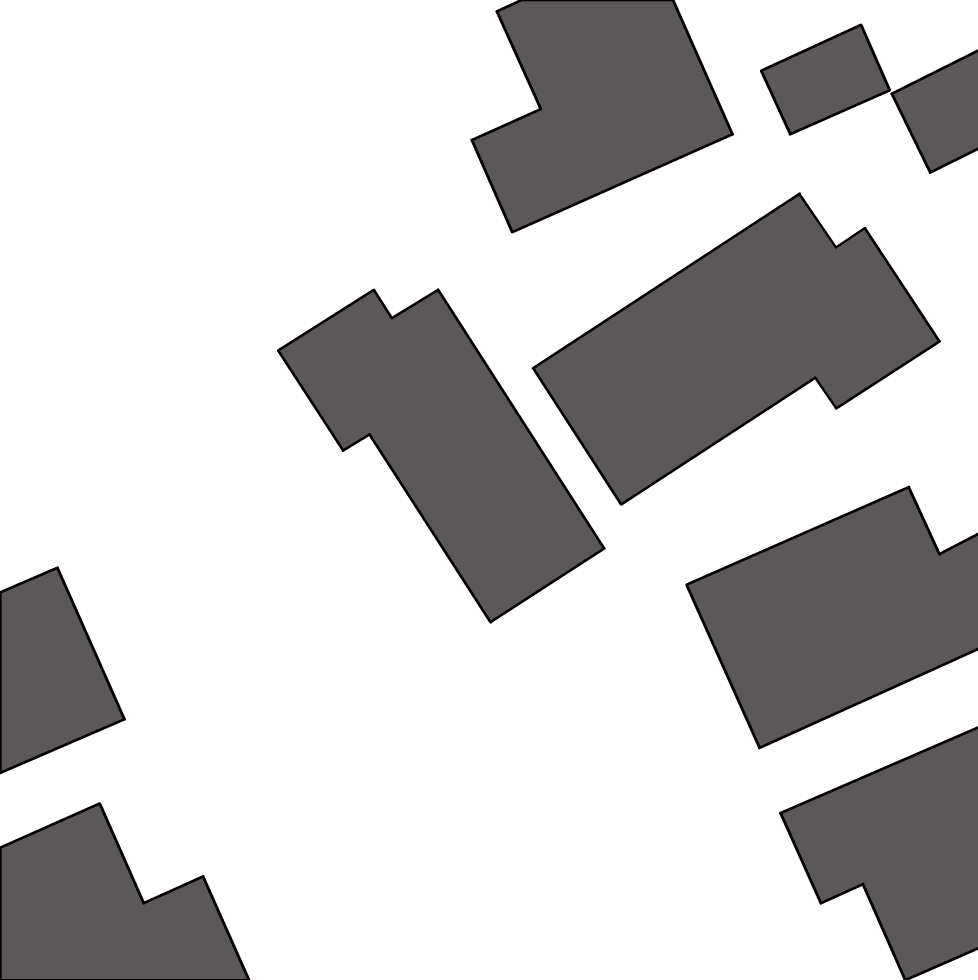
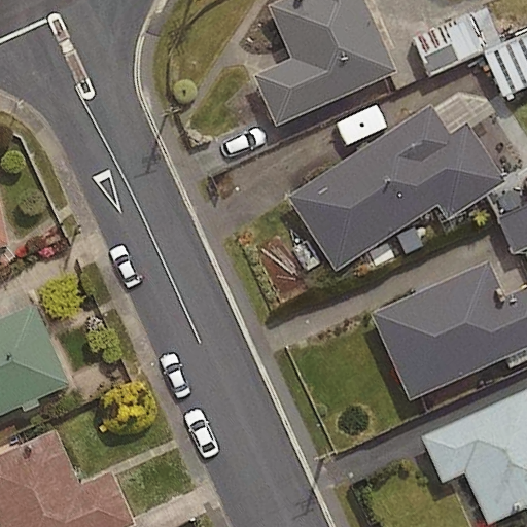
building: [278,290,604,622] -> none

